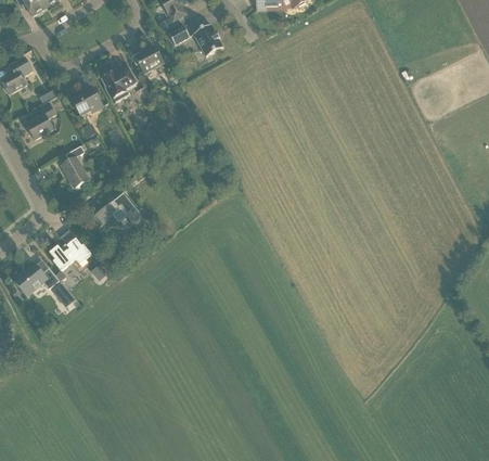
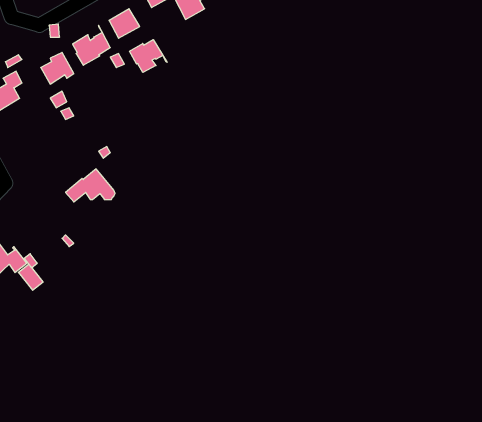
building: none -> [130,40,167,72]
building: [61,145,88,187] -> none
building: [49,238,91,270] -> none

